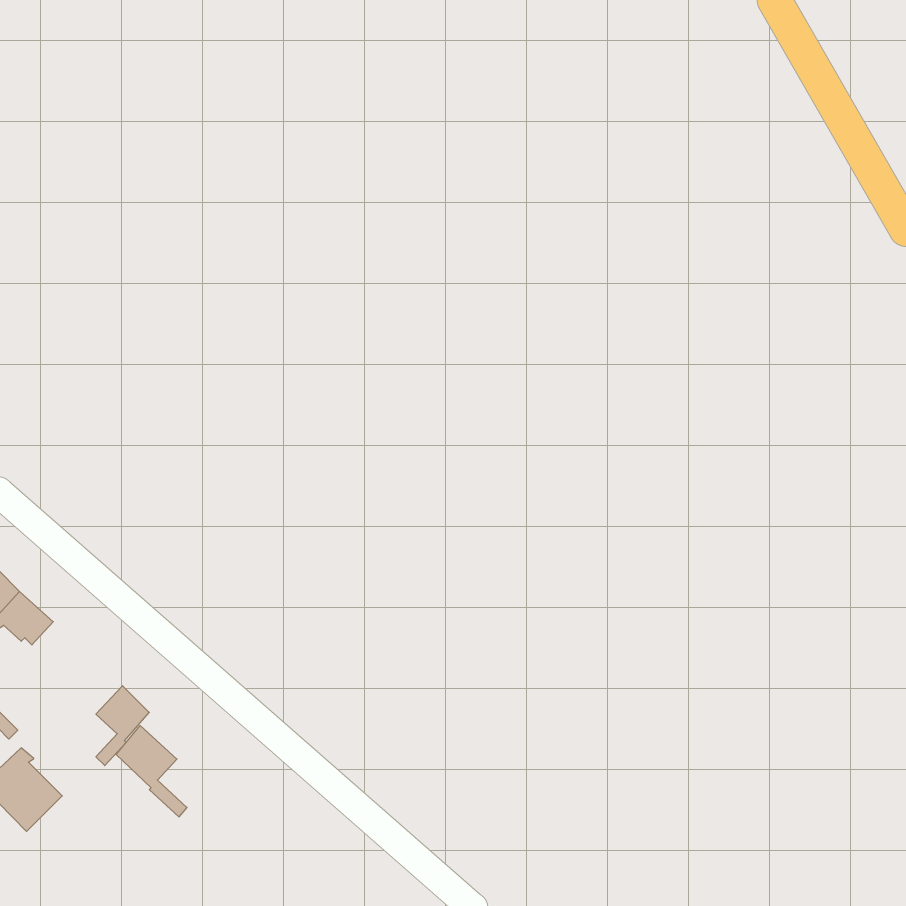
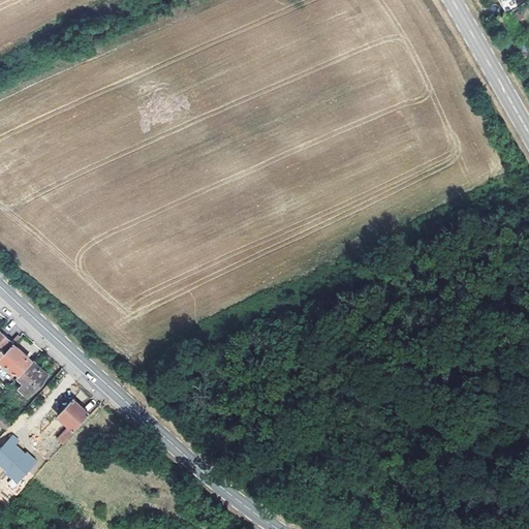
building: none -> [17,363,46,398]
building: [116,726,187,817] -> none

